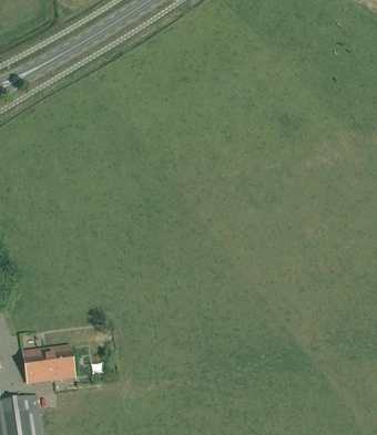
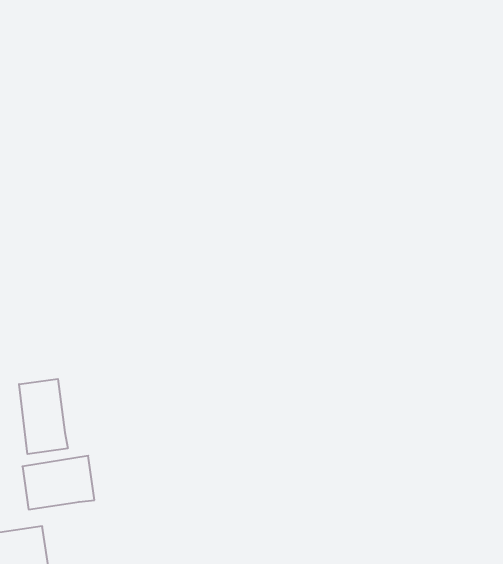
building: none -> [19,379,68,454]

